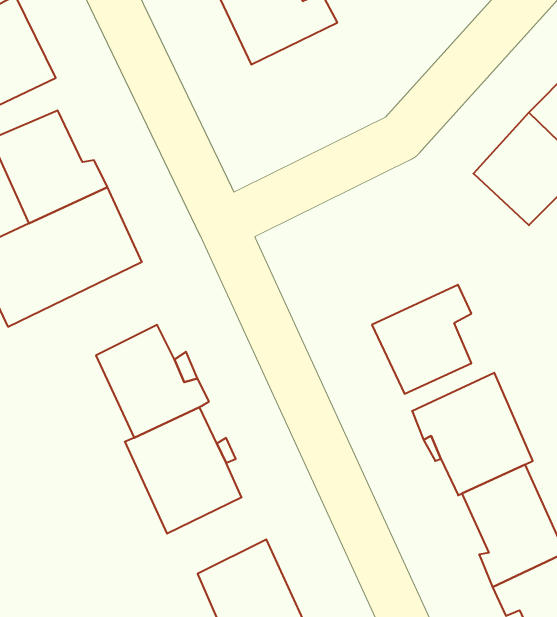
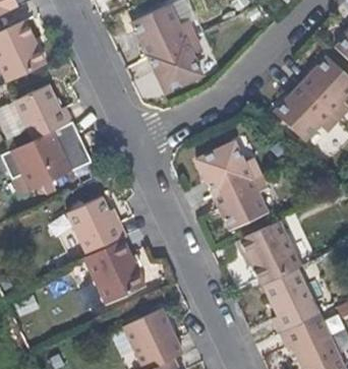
building: none -> [151,34,202,89]
building: none -> [199,143,260,194]

